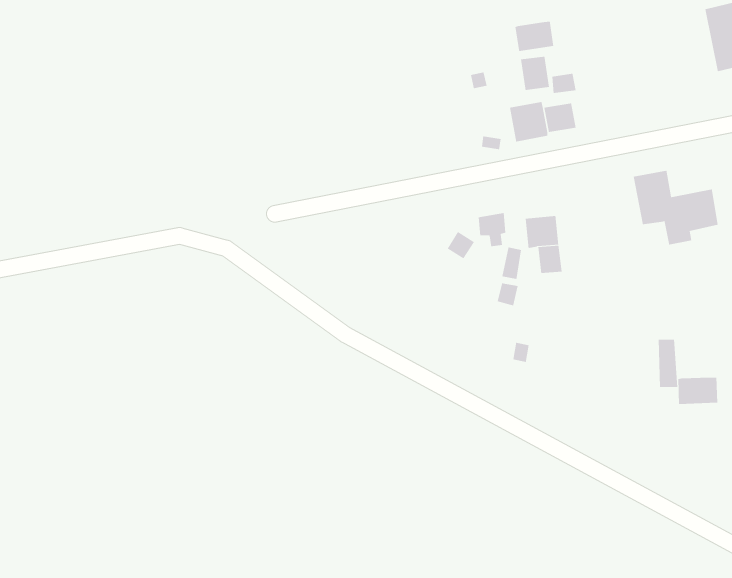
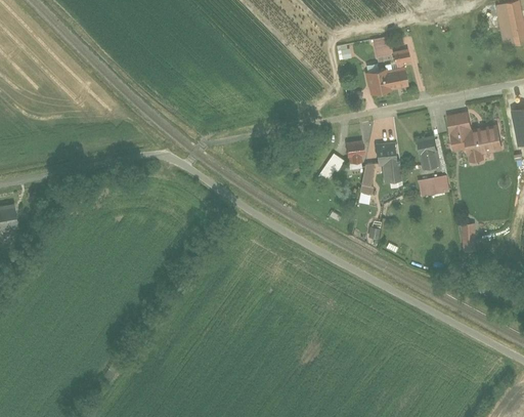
building: [515,21,554,52] -> none
building: none -> [417,135,440,168]
building: none -> [419,173,450,196]
building: [678,377,718,405] -> none

